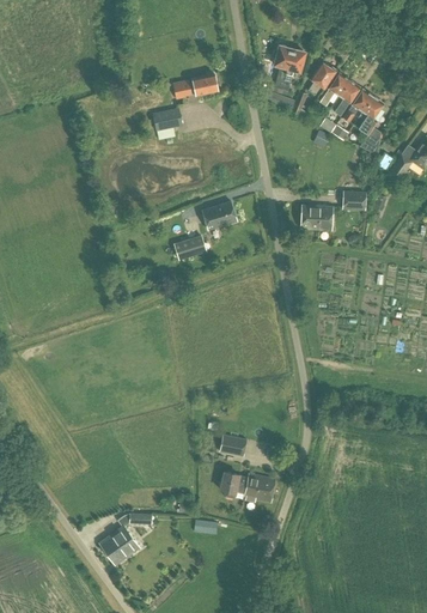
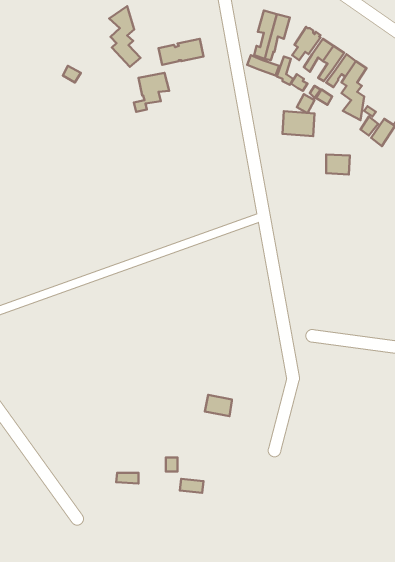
building: none -> [109,6,141,67]
building: [202,200,237,229] -> none
building: [300,204,333,229] -> [283,111,314,136]
building: [173,233,207,259] -> none
building: [220,471,276,502] -> none
building: [99,524,139,563] -> none

